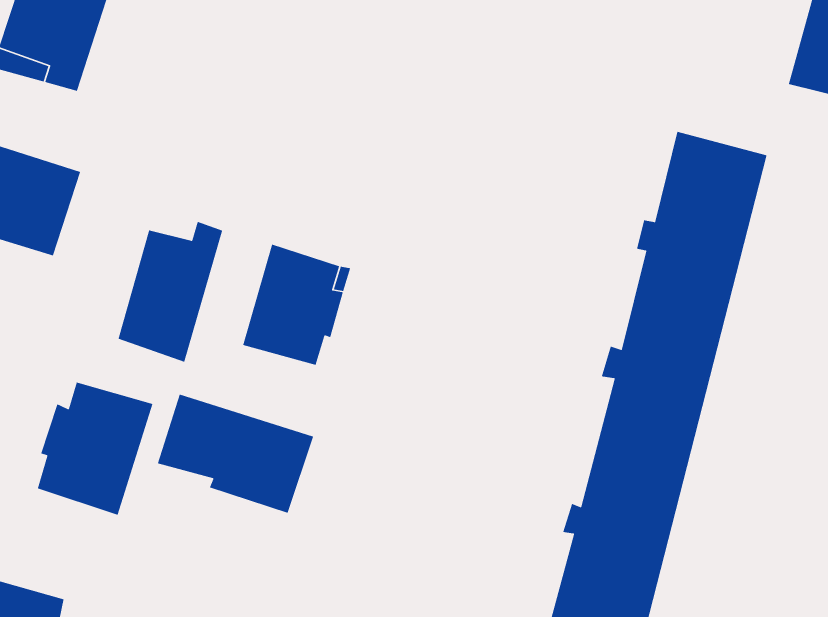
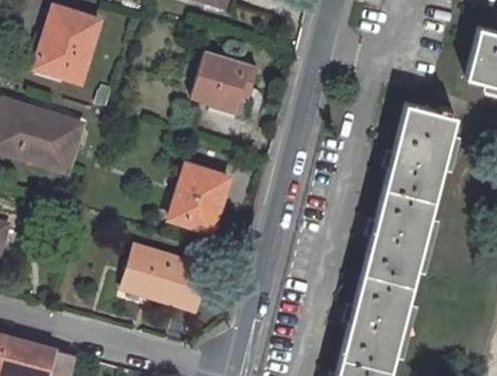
building: none -> [192,52,260,114]
building: [117,221,223,363] -> none
building: [37,382,153,516] -> none

